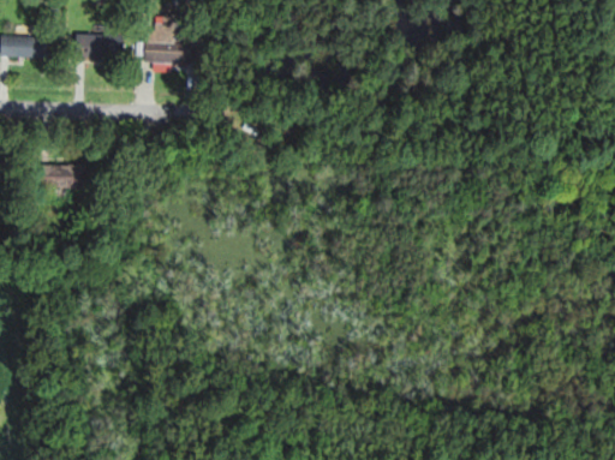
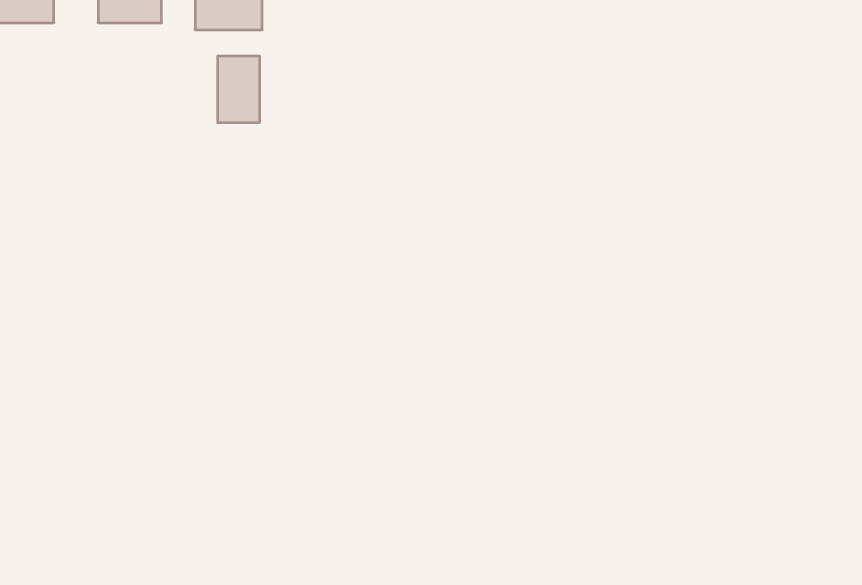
building: none -> [218,56,259,123]
building: [38,165,84,189] -> none

